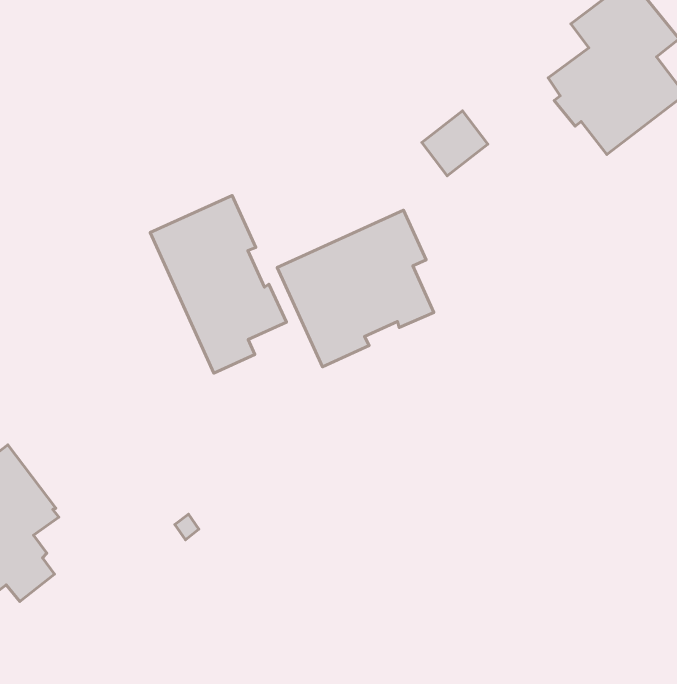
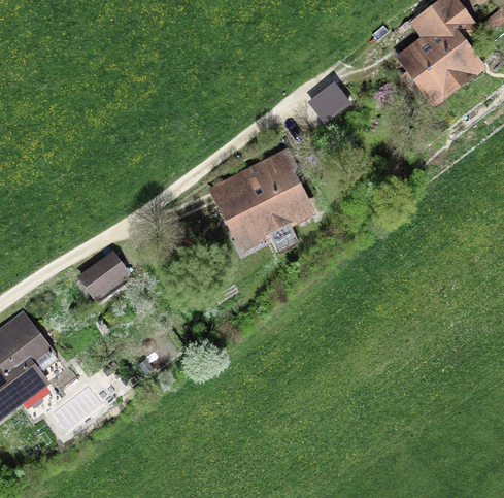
building: [150,196,286,373] -> none
building: none -> [76,248,129,298]

